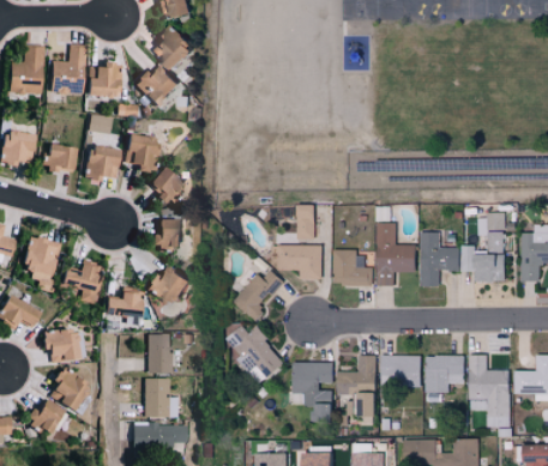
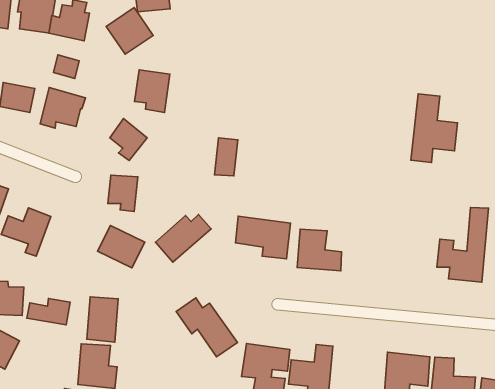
building: [122,134,152,171] -> [135,70,170,112]
building: [297,205,315,240] -> [215,138,238,176]
building: [378,223,417,285] -> [411,94,458,162]
building: [422,232,460,286] -> none
building: [235,272,285,319] -> [155,214,211,262]
building: [102,291,140,314] -> [27,298,70,325]
building: [383,355,423,385] -> none

